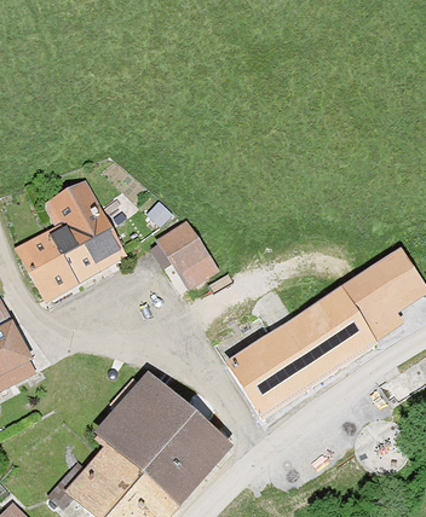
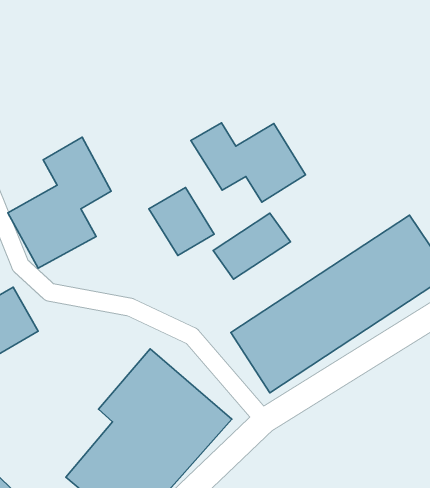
building: none -> [191,123,306,202]
building: none -> [213,213,290,279]

